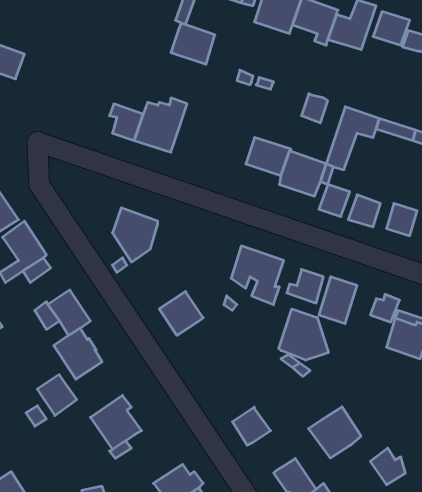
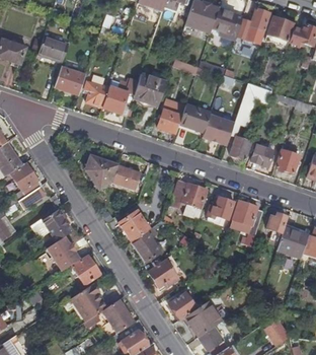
building: [171,23,215,64] -> [134,76,164,104]
building: none -> [38,36,69,62]
building: none -> [55,67,86,94]
building: none -> [157,98,185,133]
building: none -> [113,164,141,190]
building: [279,309,328,360] -> none
building: none -> [132,232,159,261]
building: none -> [149,256,181,287]
building: [37,375,77,416] -> [74,257,101,285]
building: [308,407,361,458] -> [184,300,221,336]
building: none -> [102,300,133,333]

